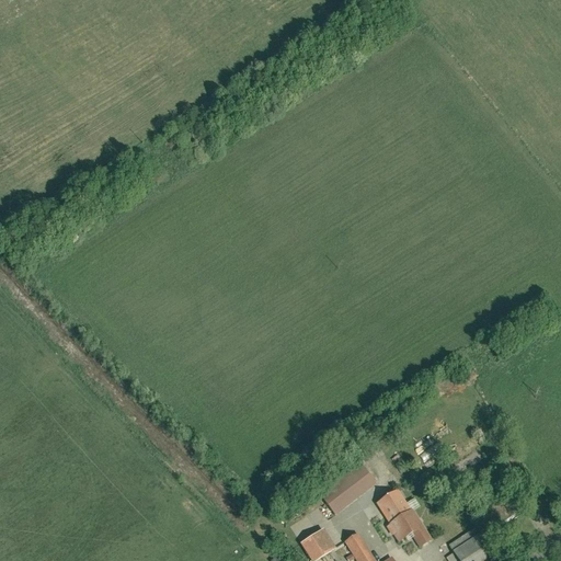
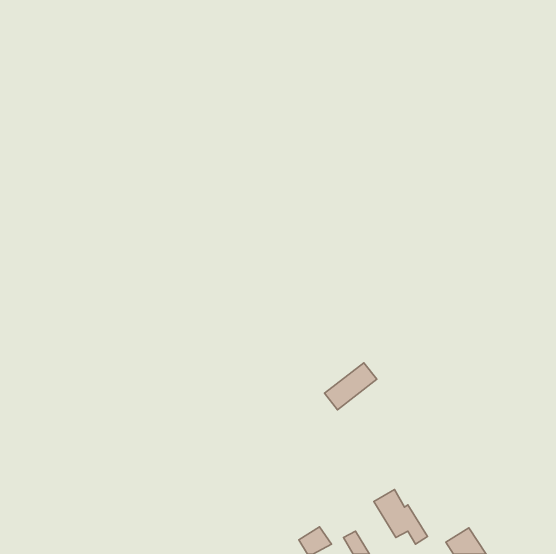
building: [322,465,375,512] -> [324,363,377,410]

